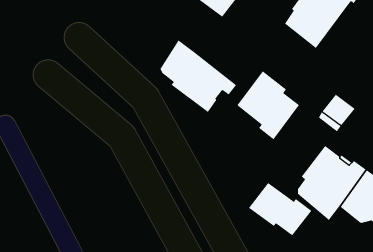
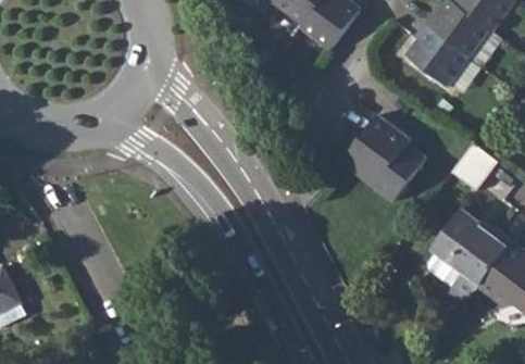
building: [160,39,237,113] -> none
building: [248,182,312,236] -> none

